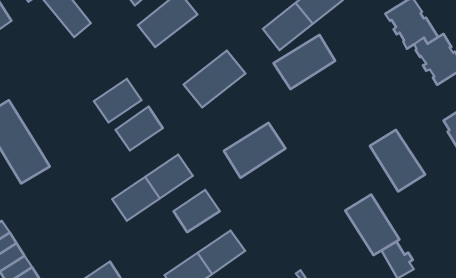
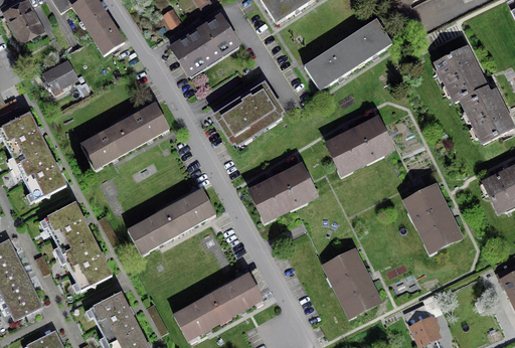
building: [274,35,335,89] -> [327,118,392,172]
building: none -> [43,59,78,91]
building: [116,107,163,150] -> [81,123,132,167]
building: none -> [44,203,112,292]
building: [174,190,220,232] -> none
building: [345,195,400,255] -> [325,249,379,314]

